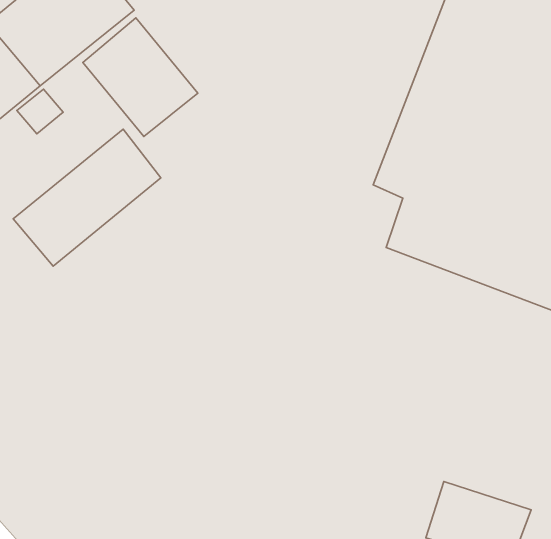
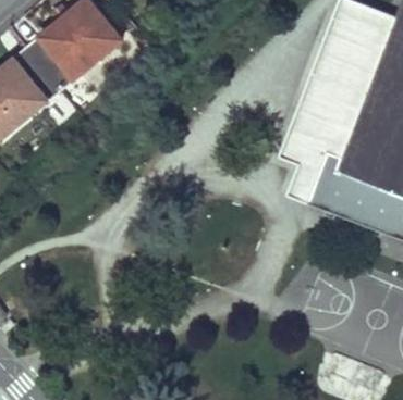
building: [83,18,198,136] -> none
building: [13,129,161,266] -> none

